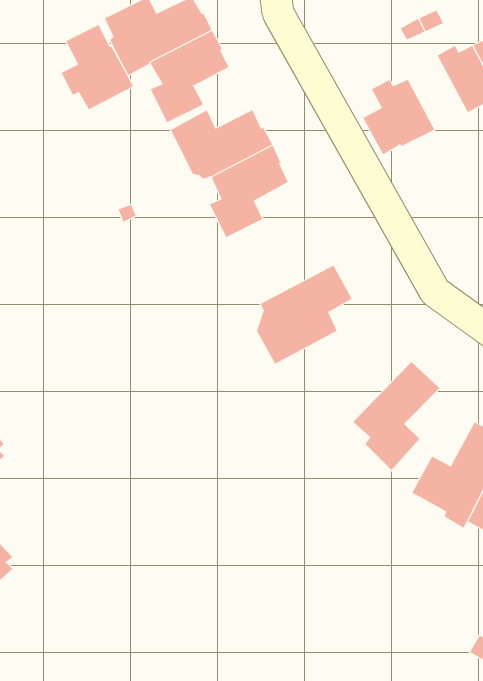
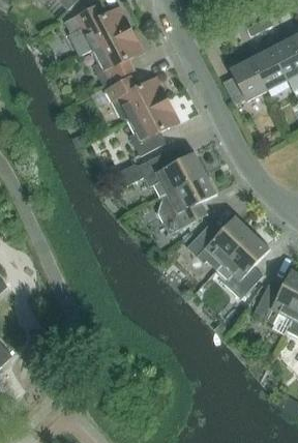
building: [61,24,134,110] -> none
building: none -> [250,43,287,89]
building: none -> [115,150,205,196]
building: none -> [186,214,252,268]

